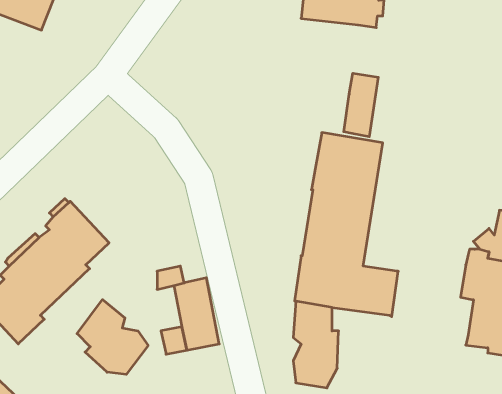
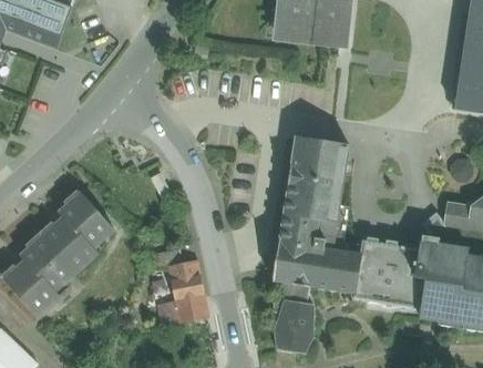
building: [344,73,378,137] -> none
building: none -> [352,236,425,308]
building: [77,300,148,374] -> none

